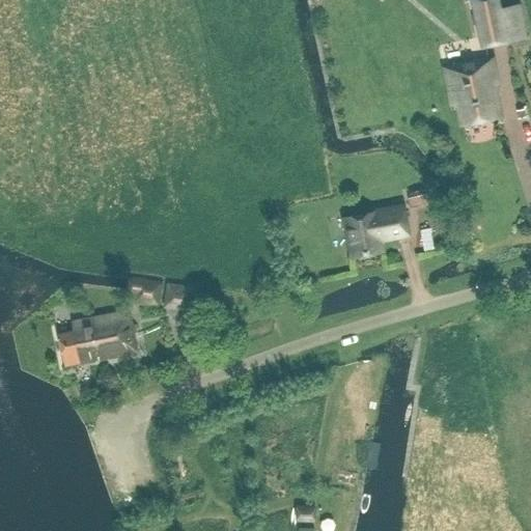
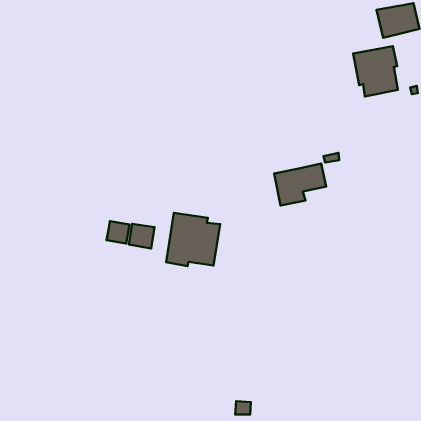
building: none -> [166,213,220,266]
building: [58,309,137,365] -> none

